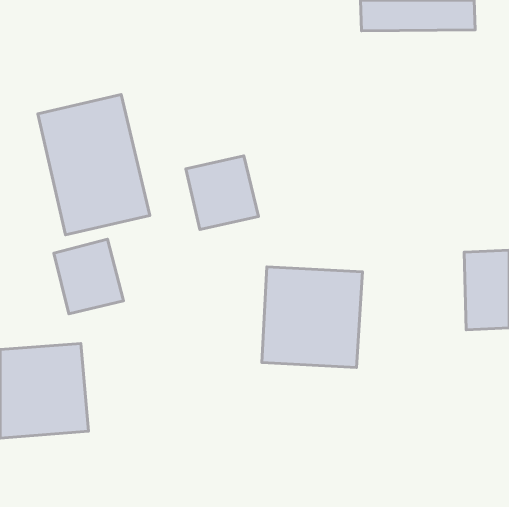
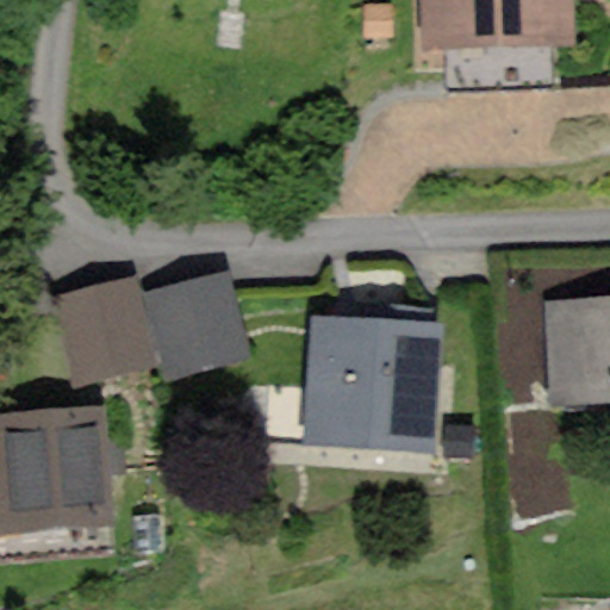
building: [38,94,150,235] -> none
building: [186,156,259,230] -> [156,280,243,368]

